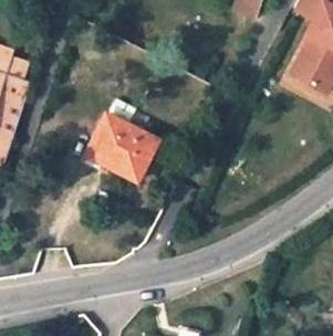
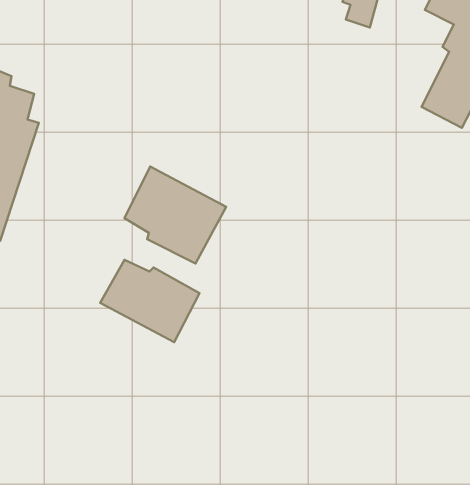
building: none -> [100,260,200,342]

